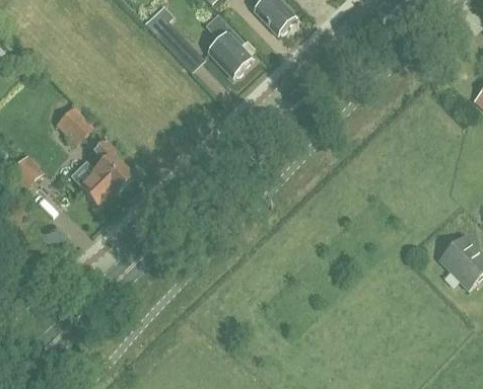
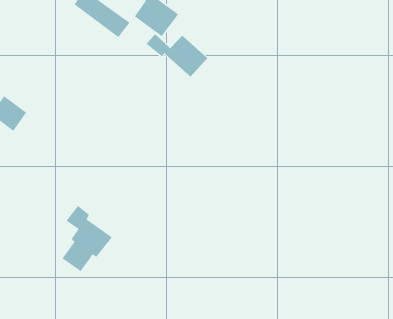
building: none -> [146,33,208,77]
building: [79,139,132,204] -> [61,205,113,272]

